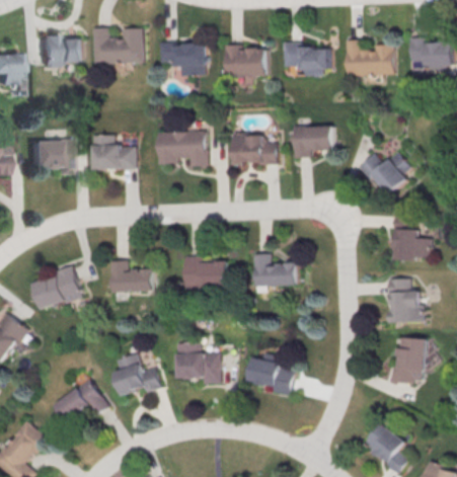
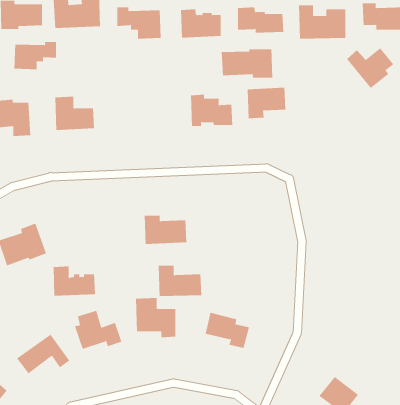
building: none -> [14,41,57,70]
building: none -> [221,49,273,78]
building: [157,131,205,166] -> none
building: [362,152,411,194] -> [346,47,394,89]
building: [395,216,432,260] -> none
building: [254,254,300,287] -> [158,265,202,297]
building: [112,261,157,293] -> [53,266,96,296]
building: [389,279,425,322] -> none
building: [391,338,428,384] -> none

